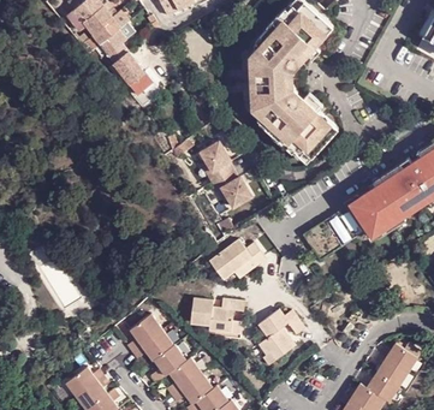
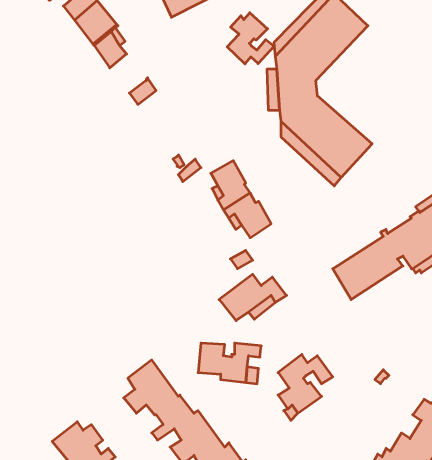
building: none -> [227,13,274,64]
building: [113,52,144,85] -> none

